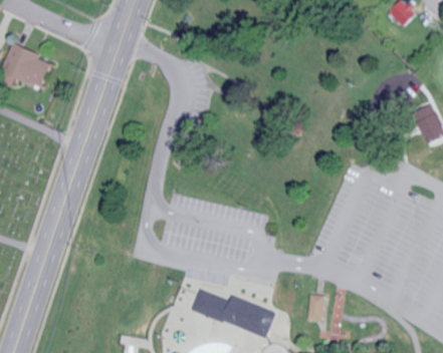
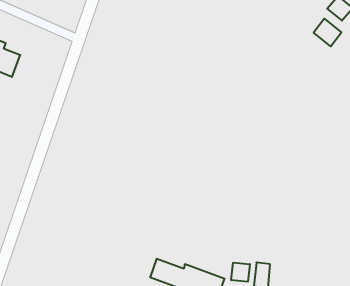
building: none -> [314,19,341,46]
building: none -> [231,263,250,282]

